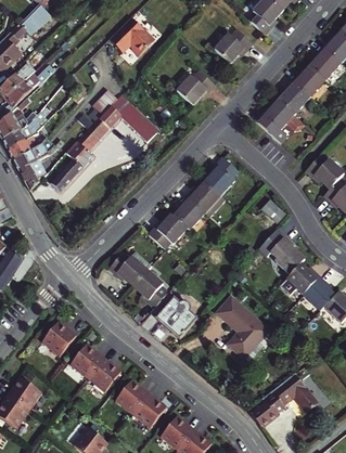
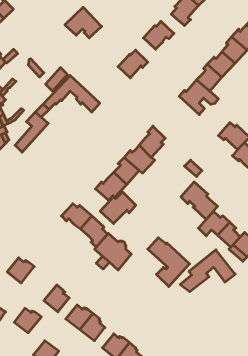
building: none -> [100,192,136,224]
building: [71,346,104,376] -> [14,308,41,333]
building: [249,373,318,425] -> [180,250,235,292]

